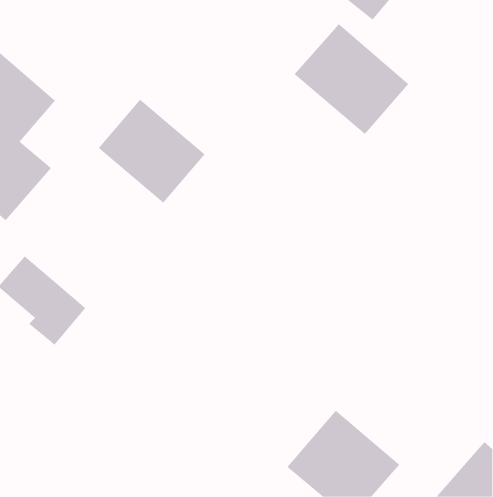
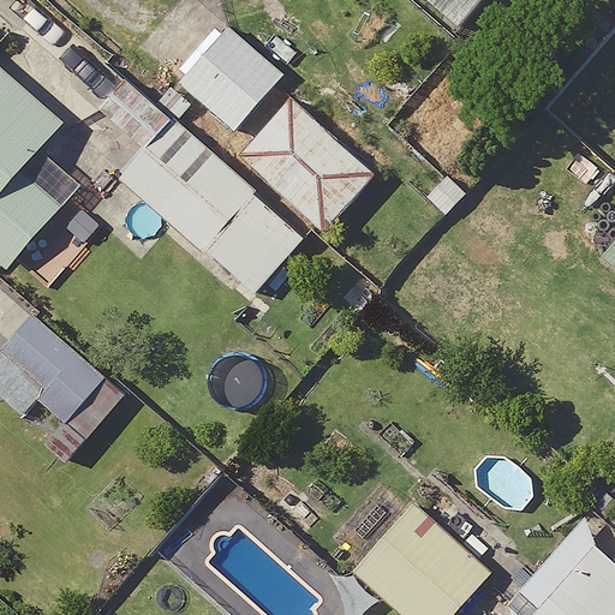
building: none -> [173,24,281,133]
building: [294,23,409,135] -> [235,97,377,234]
building: none -> [209,197,303,292]

